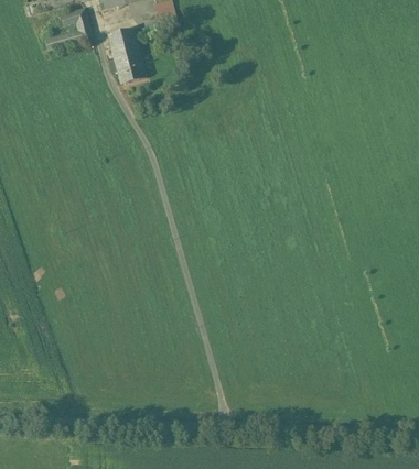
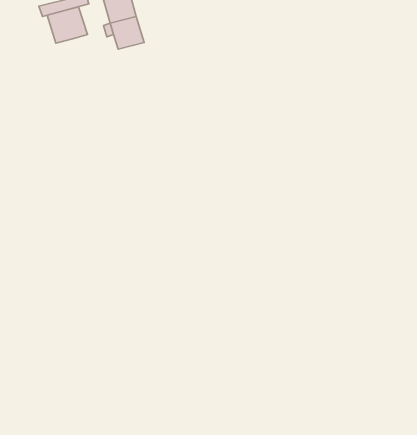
building: none -> [47,7,87,43]

